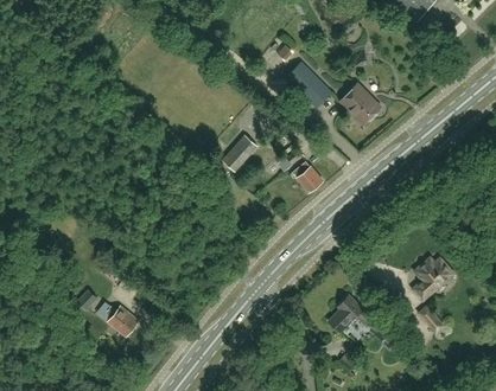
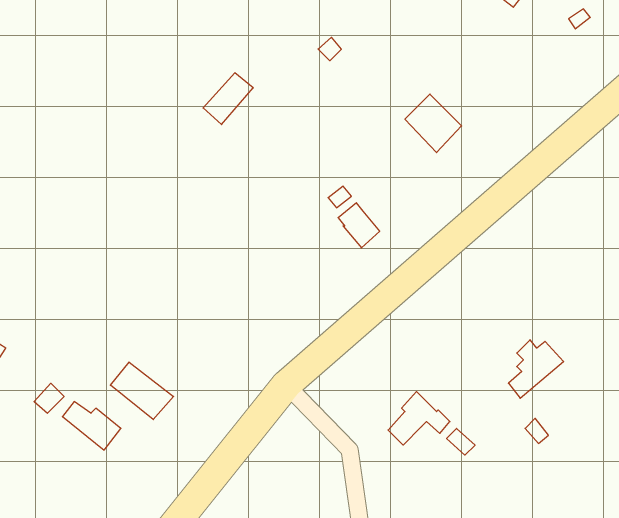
building: [286,62,331,108] -> none
building: [221,135,256,172] -> [203,73,253,125]
building: none -> [110,362,174,420]

